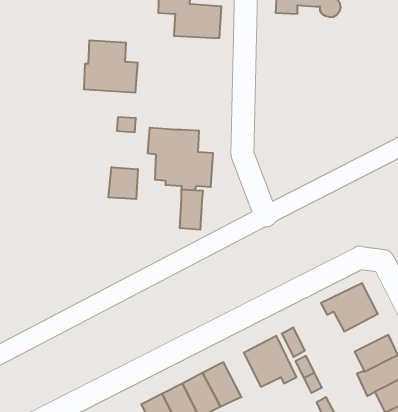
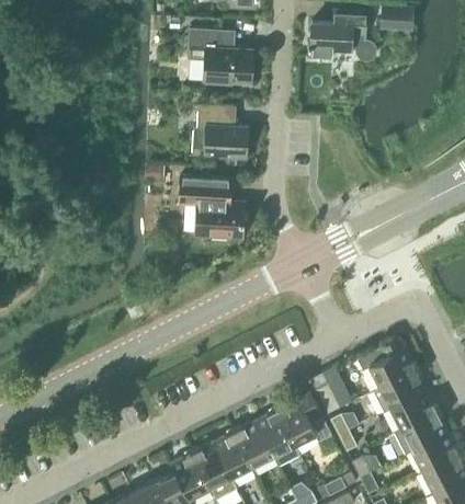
building: [84,41,138,92] -> [193,104,249,158]
building: [108,167,138,199] -> none
building: [180,189,203,230] -> none
building: none -> [373,369,427,413]
building: none -> [256,410,297,462]

